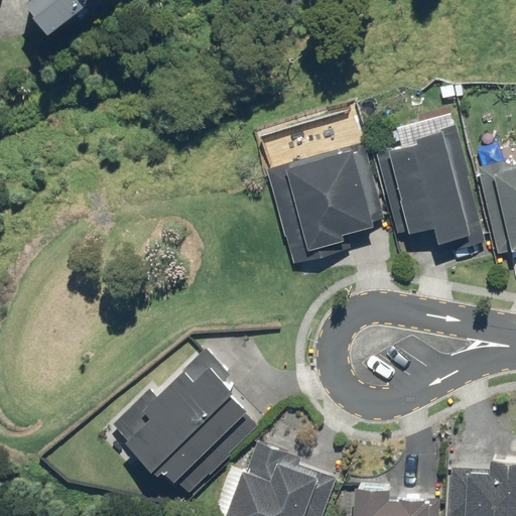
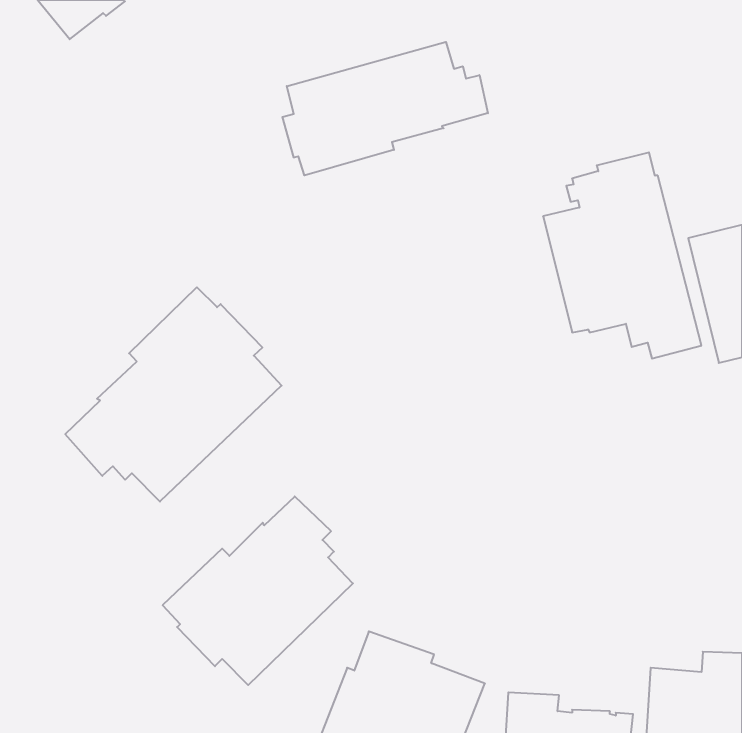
building: none -> [282,42,488,175]
building: [267,146,385,269] -> none
building: none -> [65,287,282,502]

